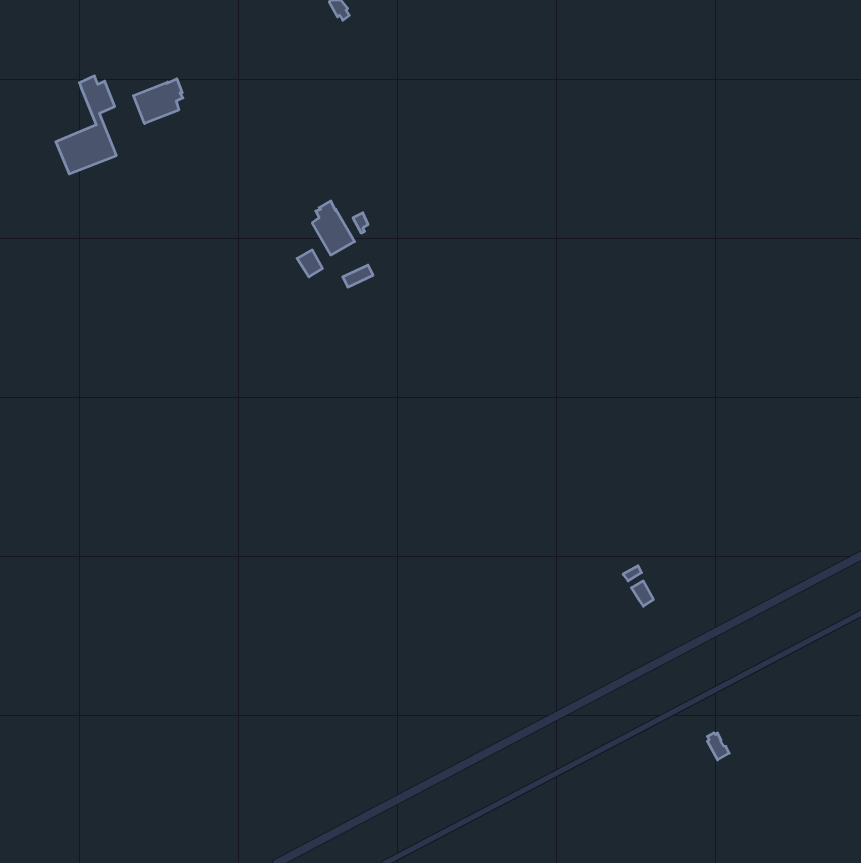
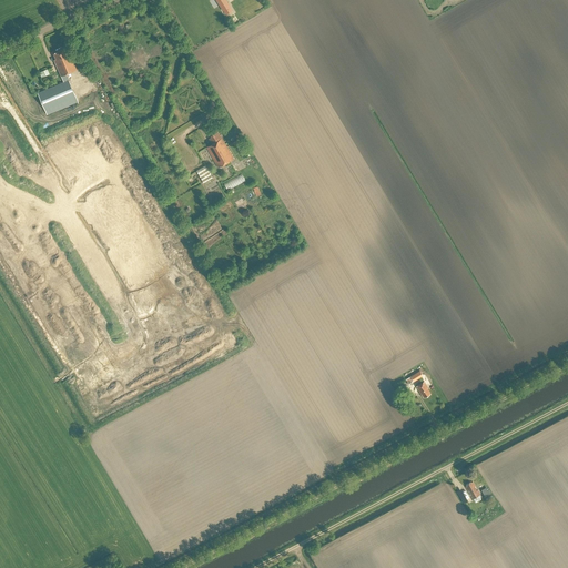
building: [133,79,183,124] -> none

